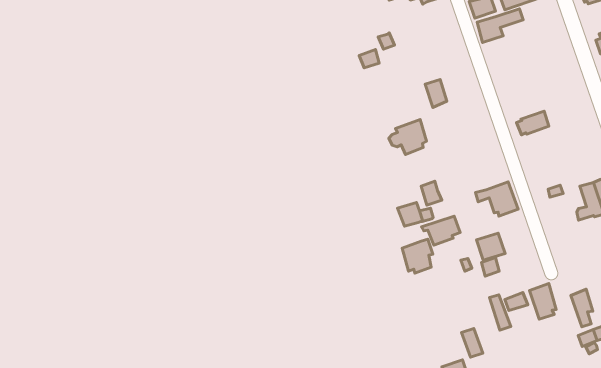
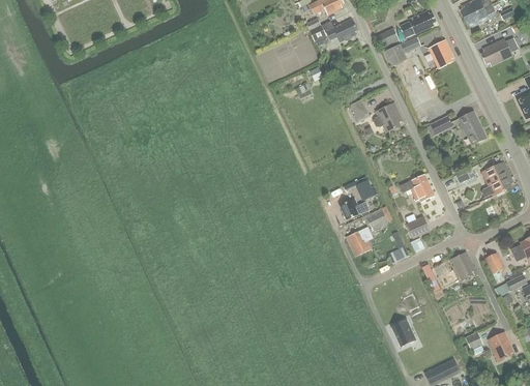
building: none -> [429,38,454,67]
building: none -> [459,110,487,144]
building: [389,119,427,154] -> [372,101,402,130]

